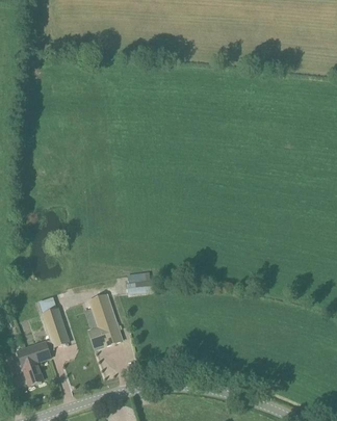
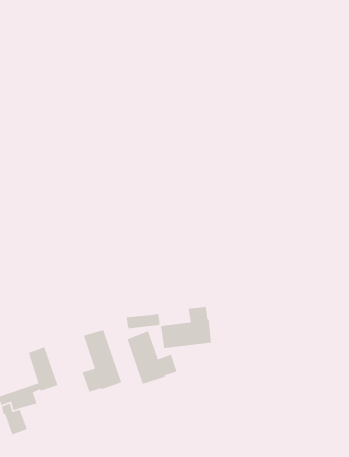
building: none -> [160,306,212,349]
building: none -> [126,330,177,385]

